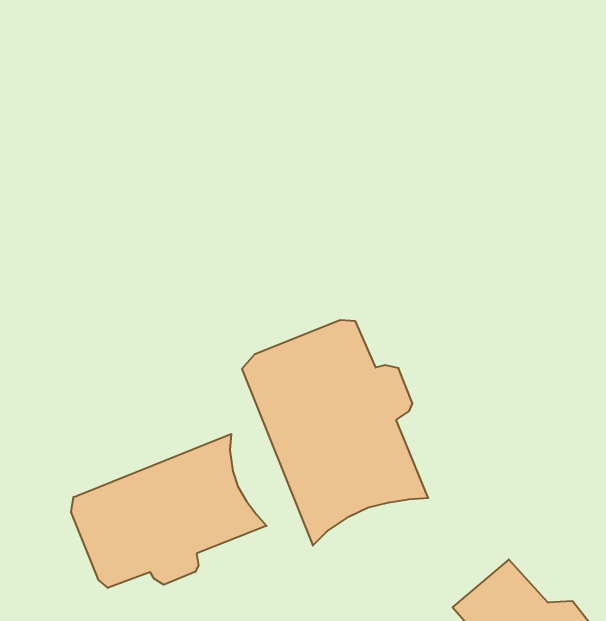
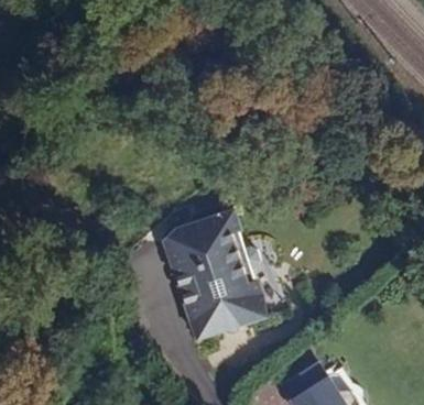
building: [71,434,267,588] -> none

